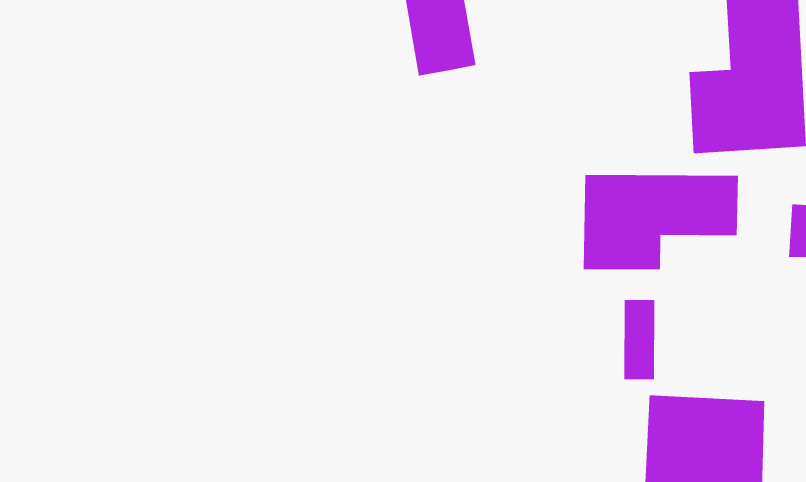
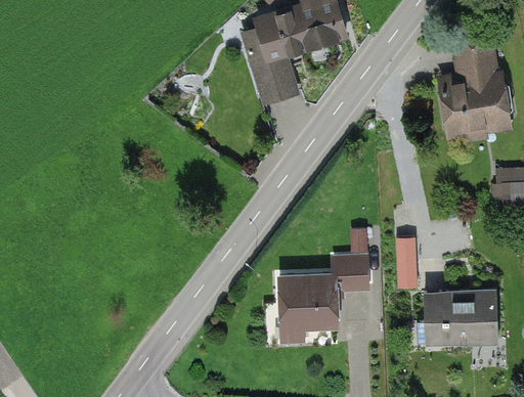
building: [583,174,739,270] -> none
building: none -> [272,230,369,342]

